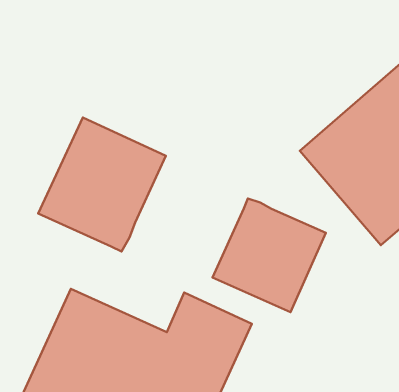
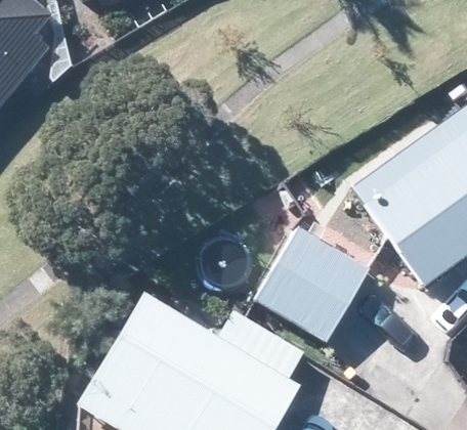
building: [38,118,166,252] -> none

